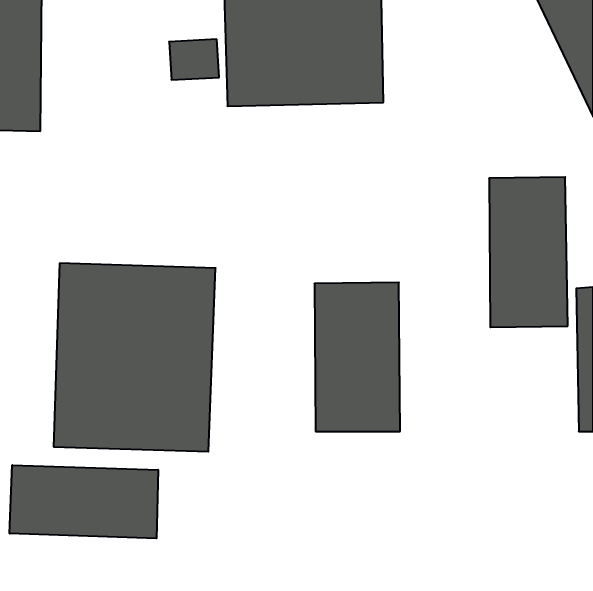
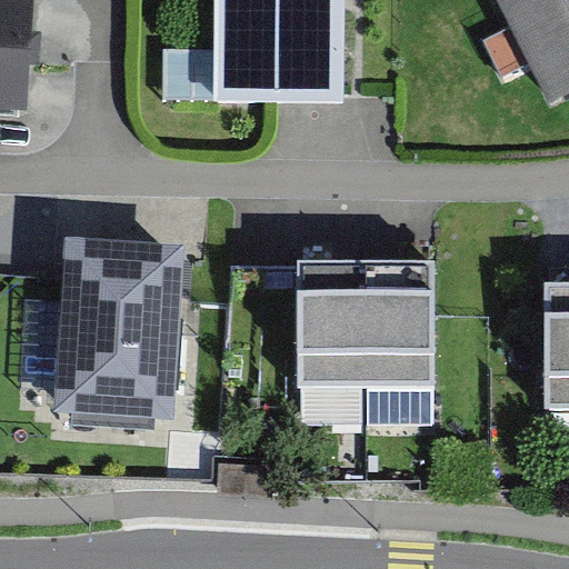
building: [489,177,568,327] -> [372,262,446,402]
building: [10,465,158,538] -> none

